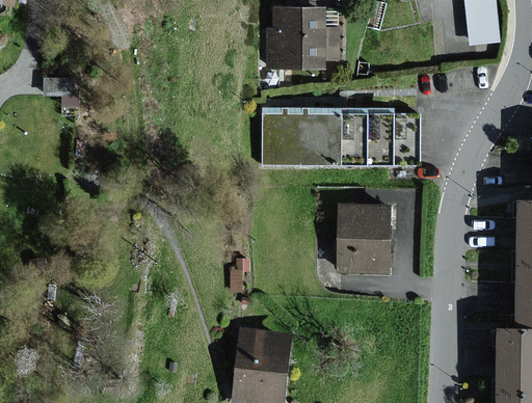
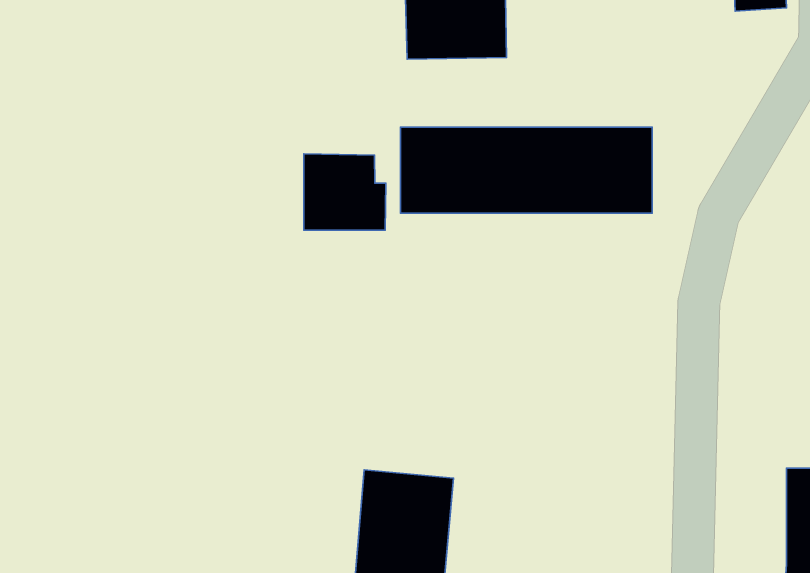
building: none -> [304,154,386,230]
building: [335,204,390,274] -> none

